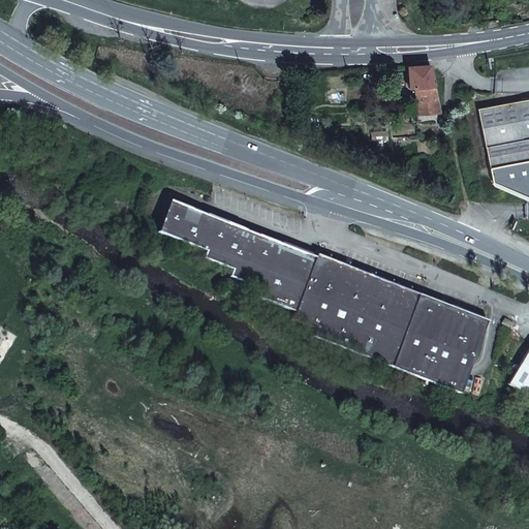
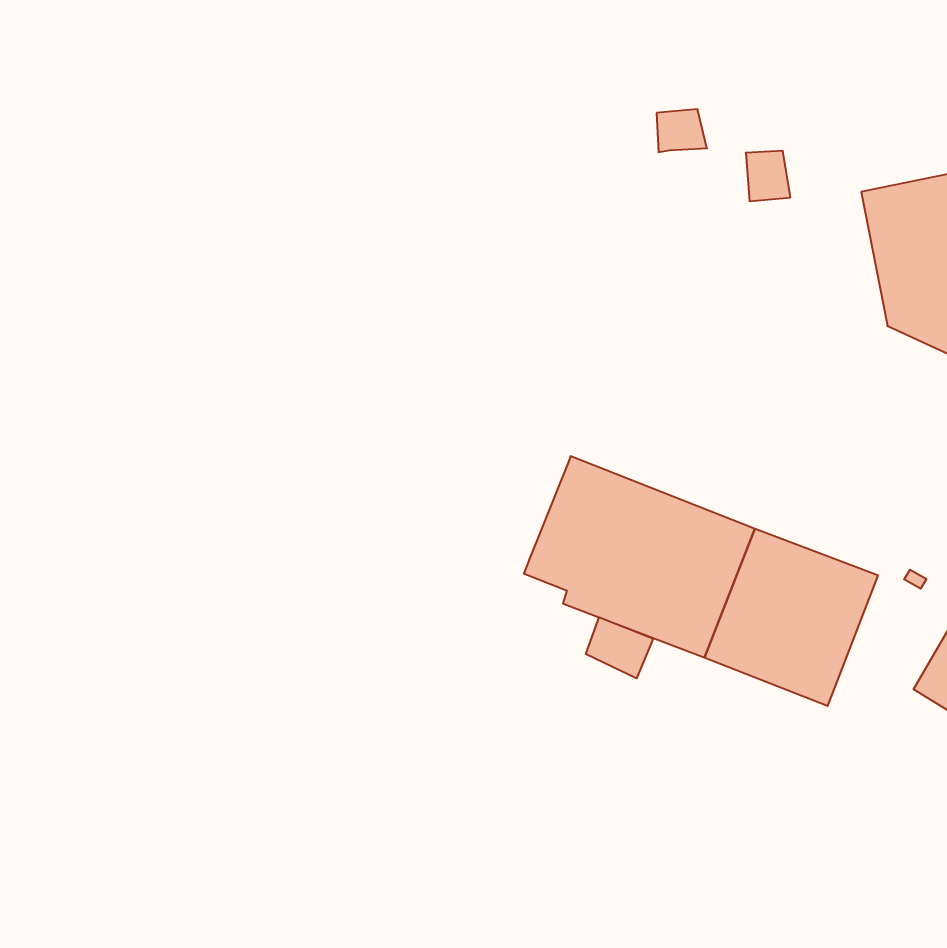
building: [409,62,437,86] -> [657,109,707,152]
building: [160,199,318,310] -> none
building: none -> [586,617,653,678]

